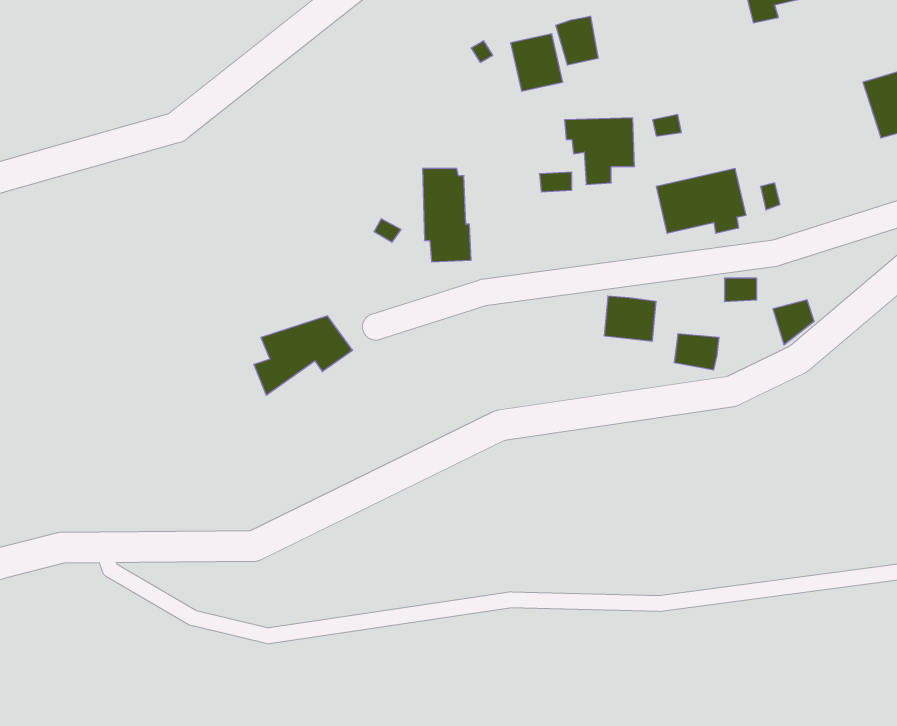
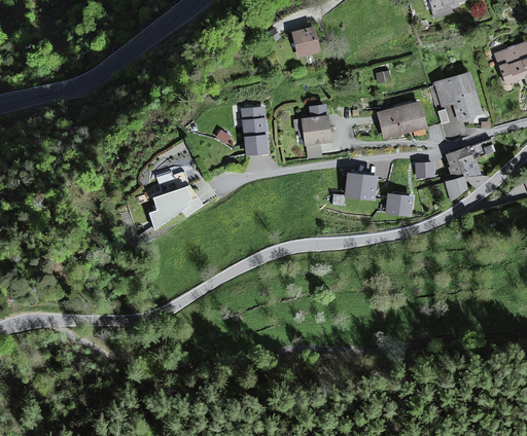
building: [556,16,598,65] -> none
building: [565,118,635,184] -> [292,116,332,154]
building: none -> [432,72,482,121]
building: none -> [447,140,495,175]

